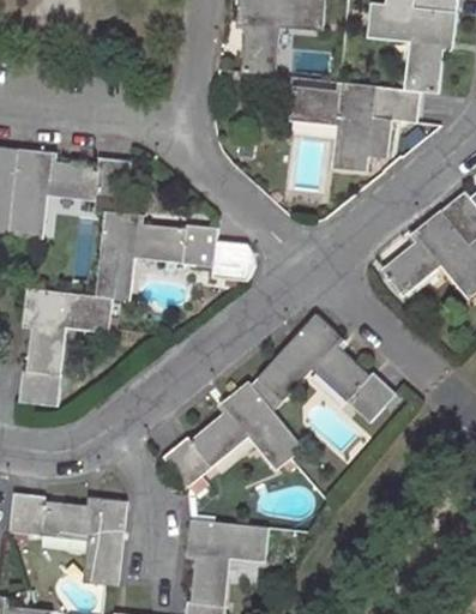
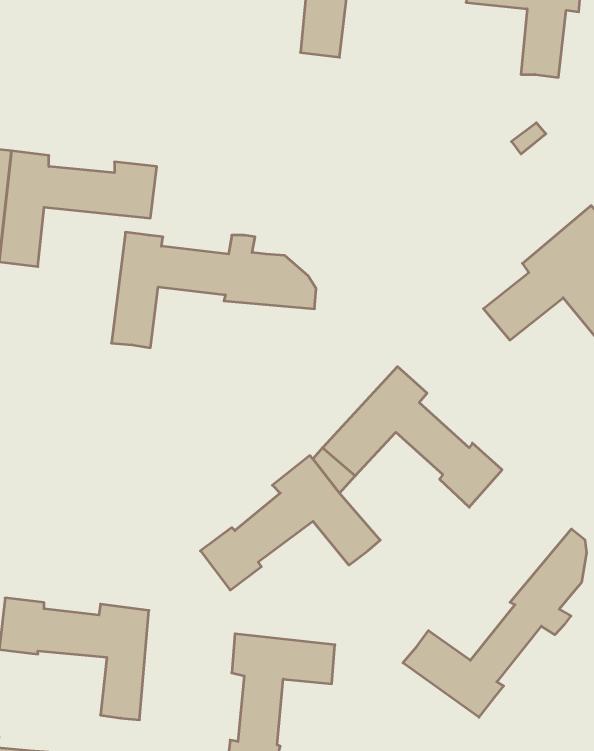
building: [290,84,420,171] -> none
building: [18,290,110,407] -> none
building: none -> [403,529,587,717]

